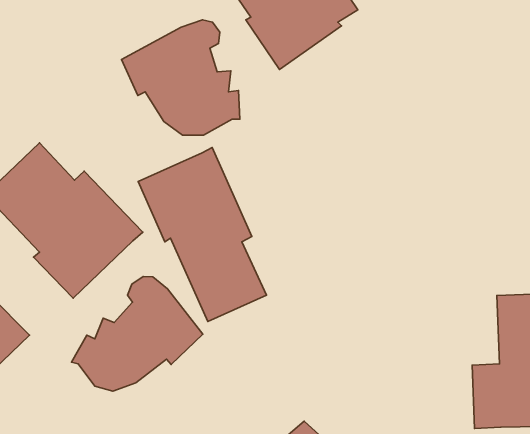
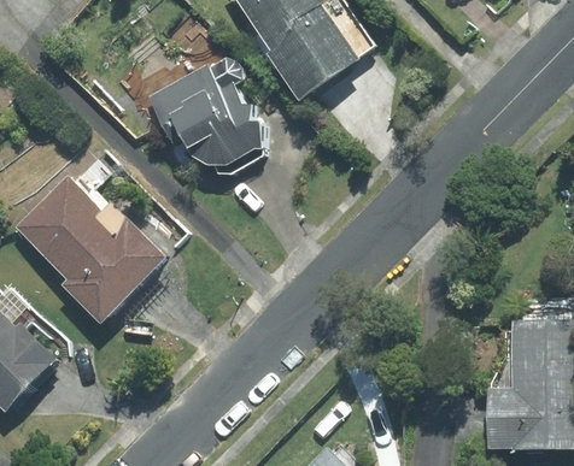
building: [138,148,267,322] -> none
building: [72,277,203,391] -> none

